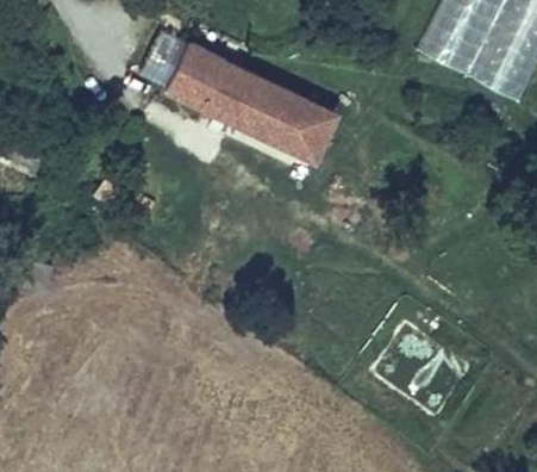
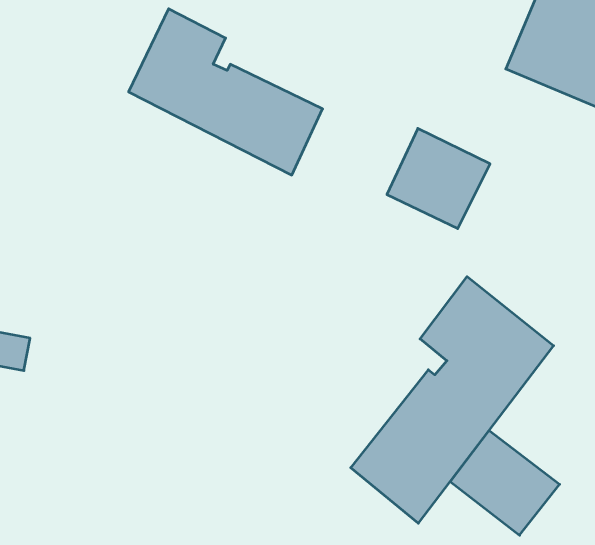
building: [257,87,337,164] -> [387,128,490,229]
building: none -> [351,277,554,523]

